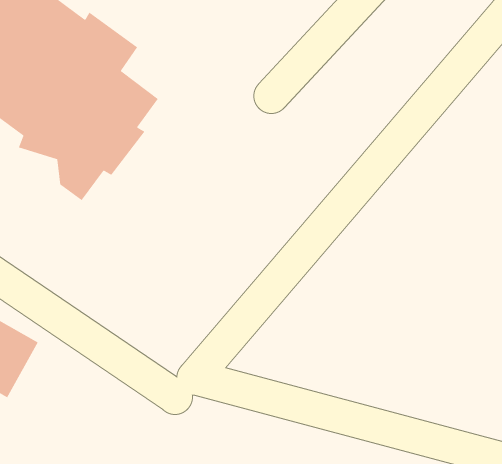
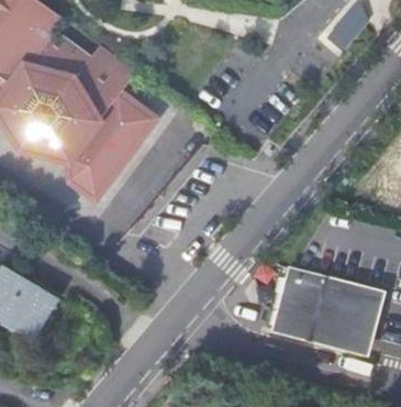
building: none -> [275,270,375,350]

